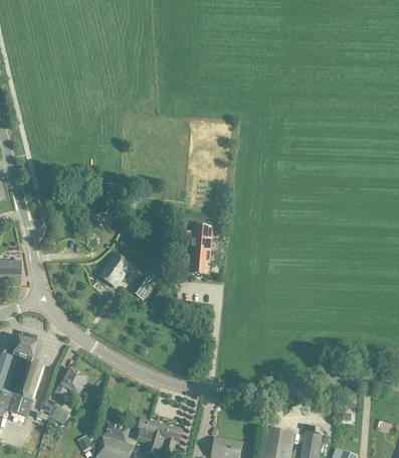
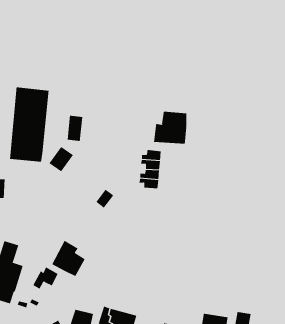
building: none -> [9,87,49,163]
building: none -> [154,111,187,144]
building: [99,254,131,286] -> [48,146,74,172]
building: none -> [52,240,85,277]

